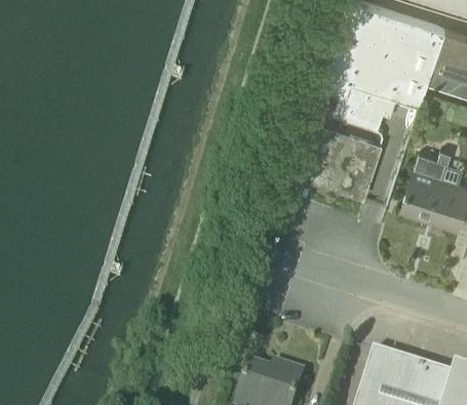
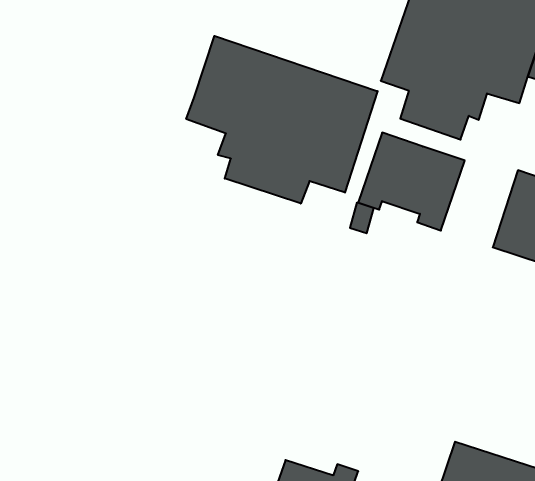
building: none -> [186,36,378,204]

